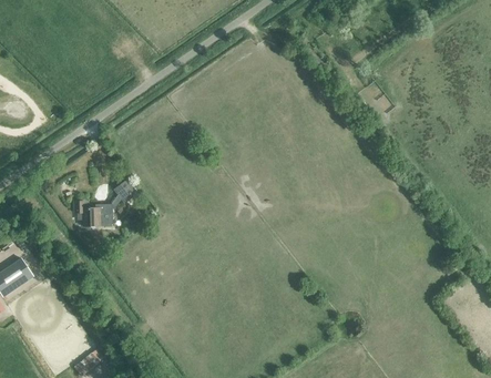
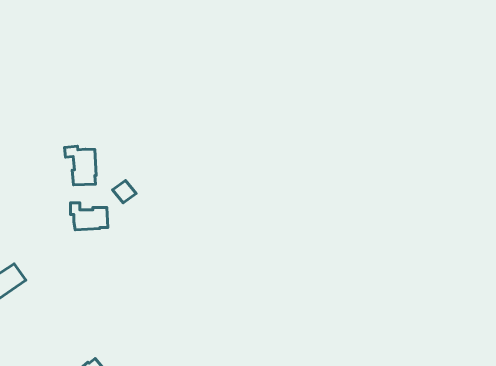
building: none -> [65,146,96,185]

